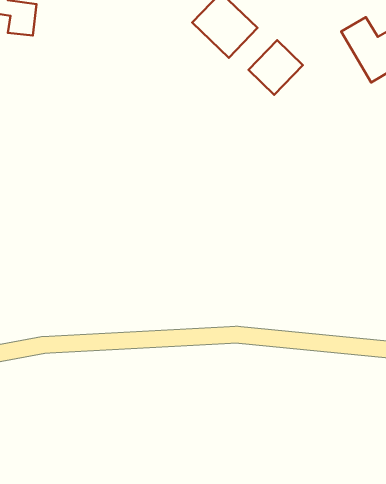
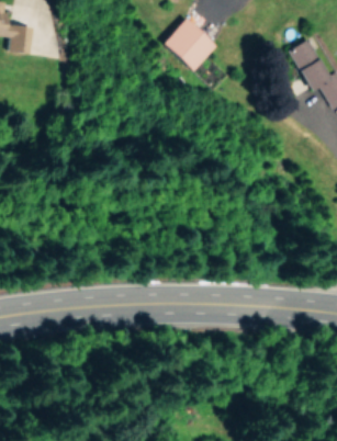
building: [248,40,303,95] -> none

